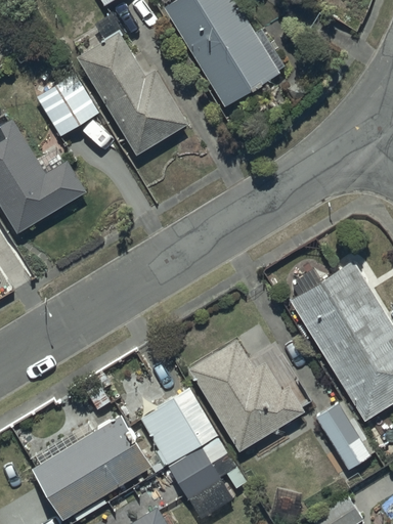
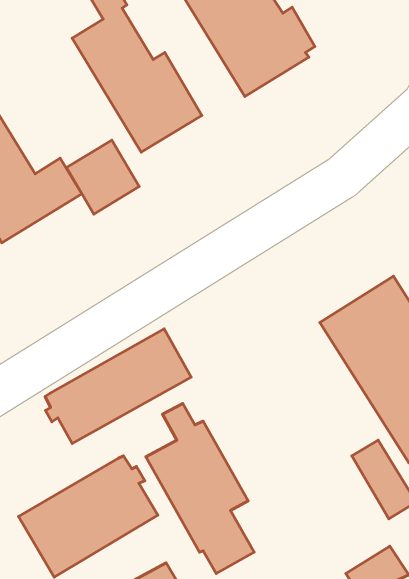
building: [38,73,100,136] -> [66,140,139,214]
building: none -> [45,329,191,444]
building: [189,341,304,451] -> none

